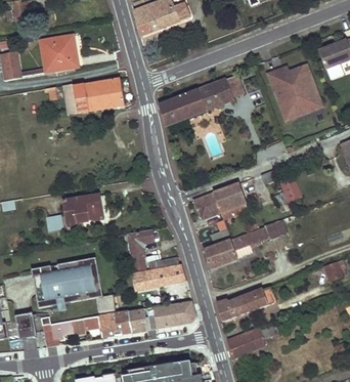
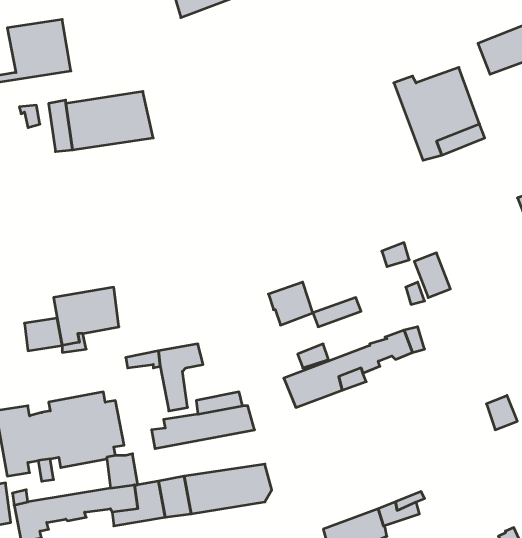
building: [161,74,244,126] -> none
building: [214,183,246,211] -> none
building: [215,287,272,321] -> none

